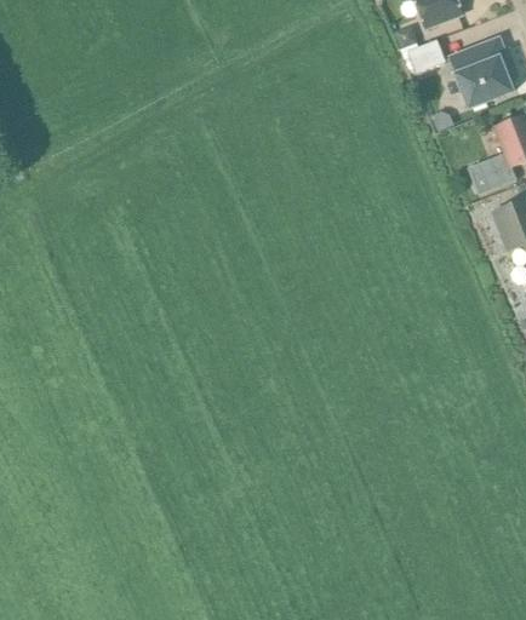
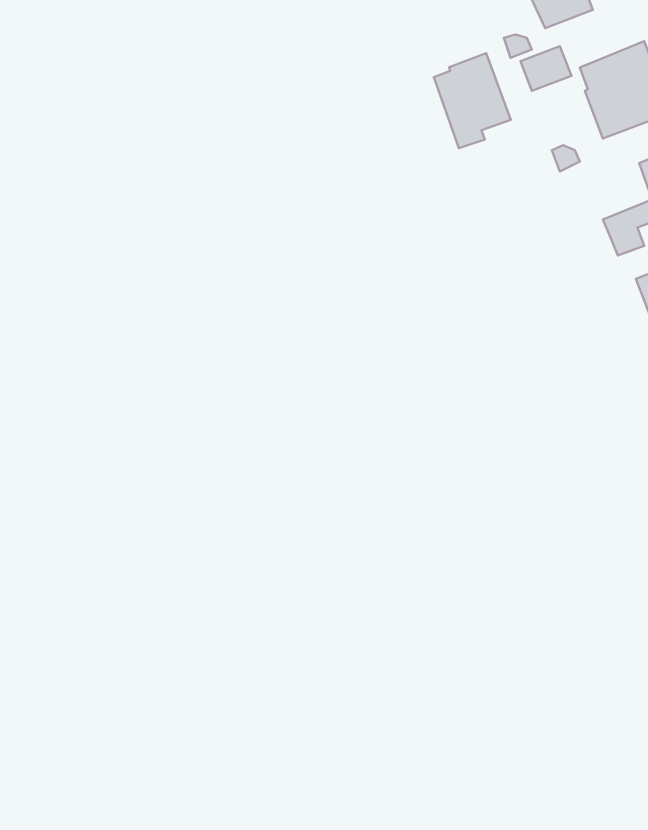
building: none -> [434,53,511,148]

